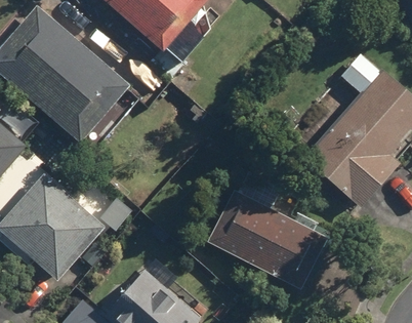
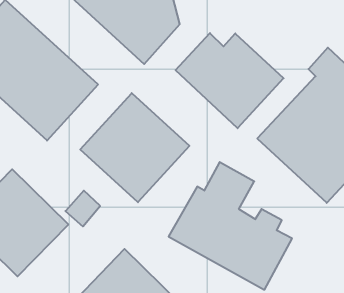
building: none -> [176,33,284,128]
building: none -> [80,93,189,202]

